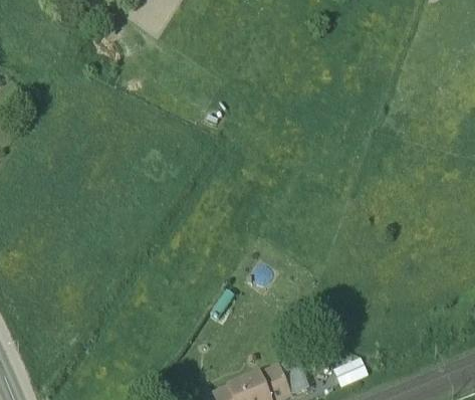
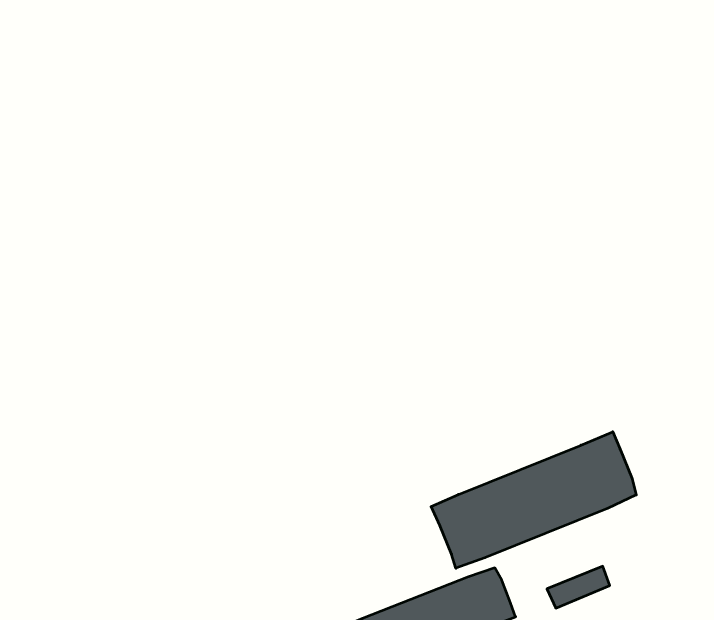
building: none -> [431,432,636,568]

